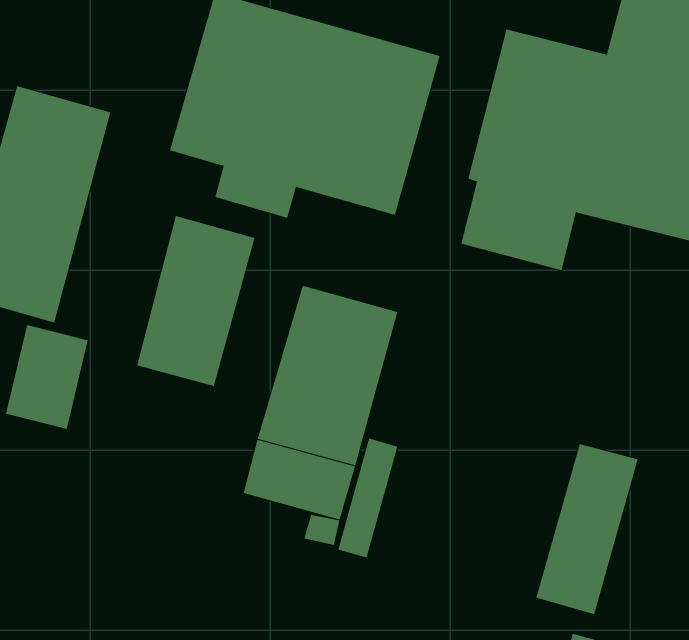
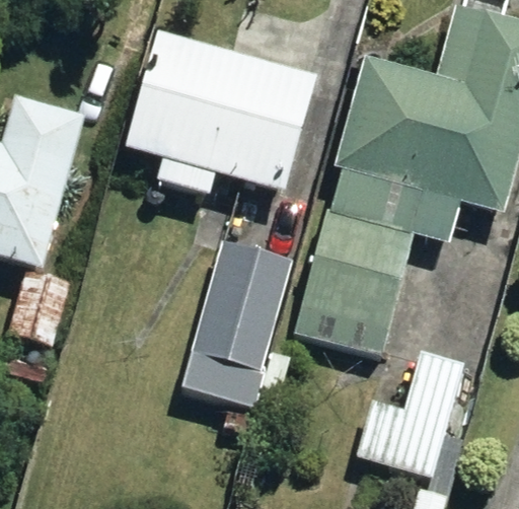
building: [136,215,255,387] -> none
building: none -> [296,209,415,351]

